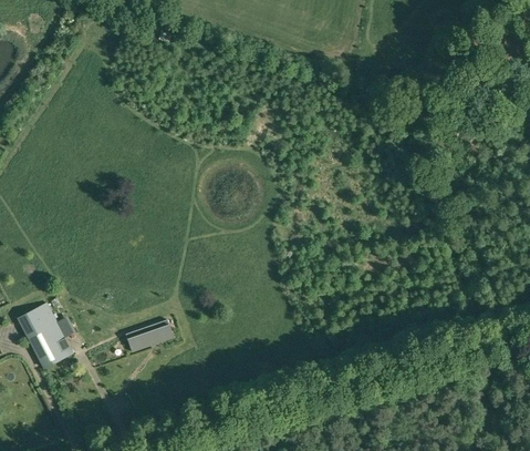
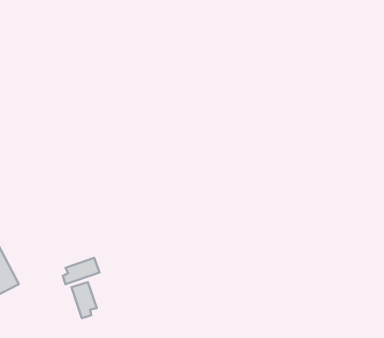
building: none -> [71,282,97,318]

